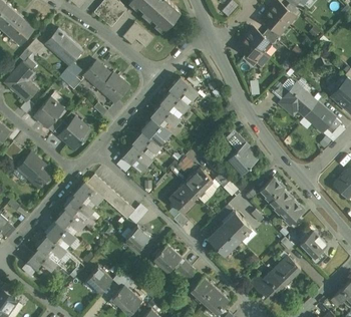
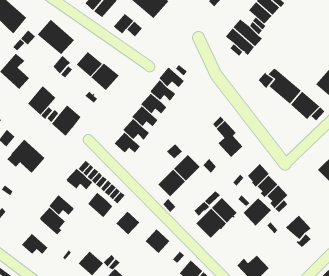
building: [64,196,91,223] -> [87,192,113,218]
building: [36,236,64,264] -> none
building: [270,255,300,285] -> [243,197,272,227]

